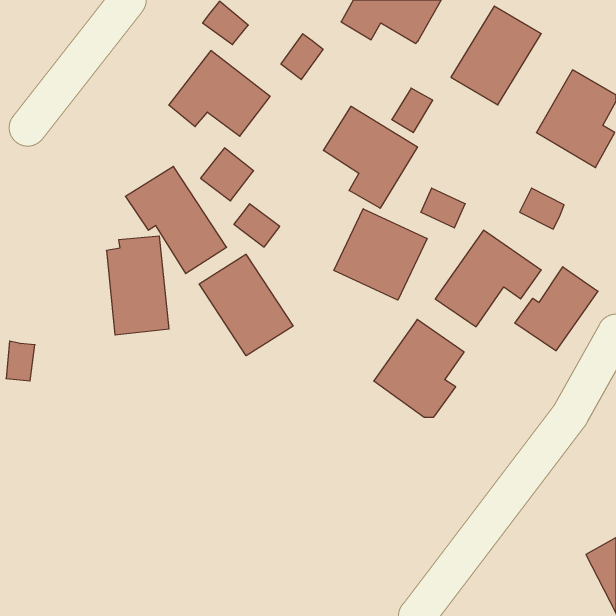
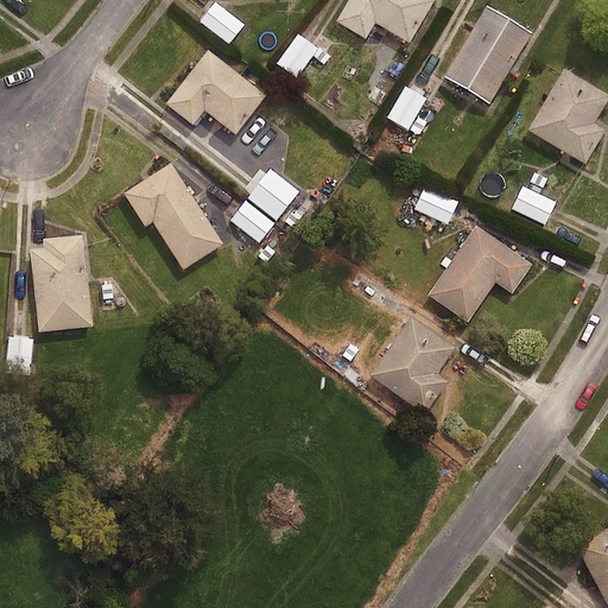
building: [323,106,417,208] -> none
building: [201,148,254,201] -> [247,169,299,221]
building: [334,209,427,300] -> none
building: [106,236,169,335] -> [31,235,93,332]
building: [199,254,293,356] -> none
building: [515,267,598,351] -> none

